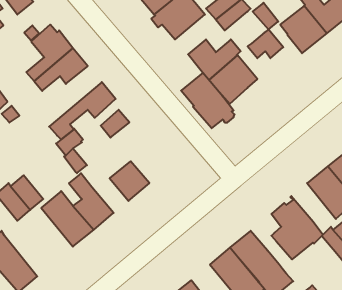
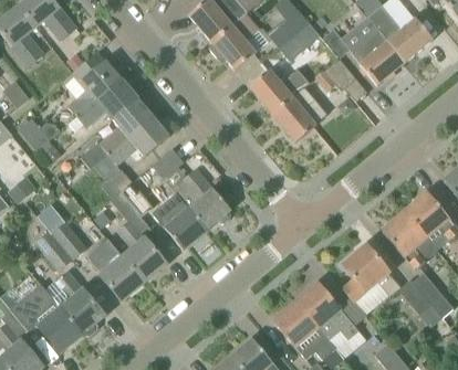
building: none -> [81,99,153,169]
building: [181,73,235,128] -> [171,168,231,230]
building: none -> [44,271,104,336]

